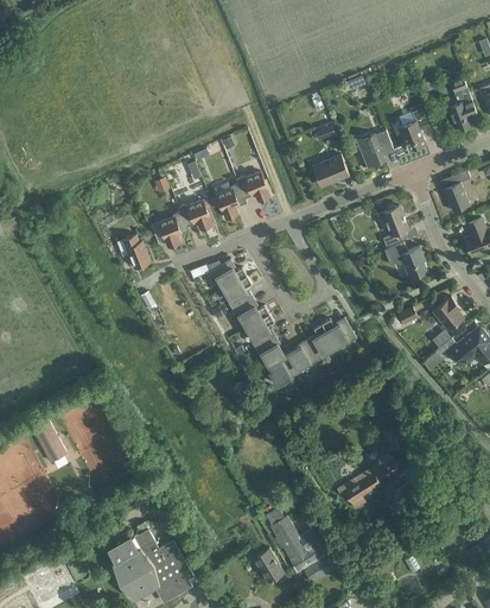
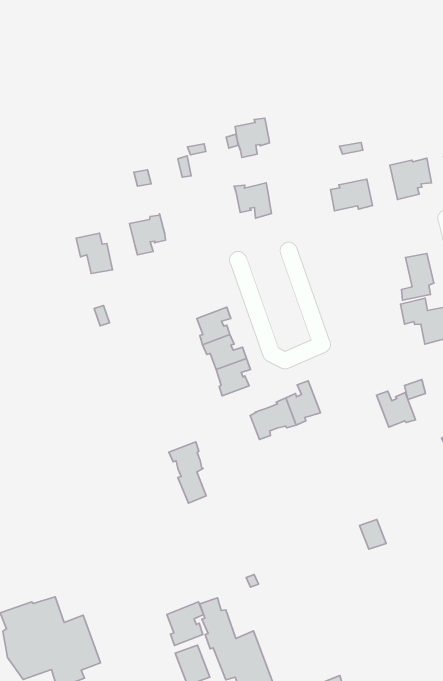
building: [215,183,244,217] -> [235,118,270,158]
building: [177,200,211,228] -> none
building: [209,259,246,289] -> none
building: [320,317,355,347] -> [377,391,416,427]
building: [254,335,289,385] -> [169,442,206,503]
building: [337,454,399,508] -> none
building: none -> [167,602,204,646]

